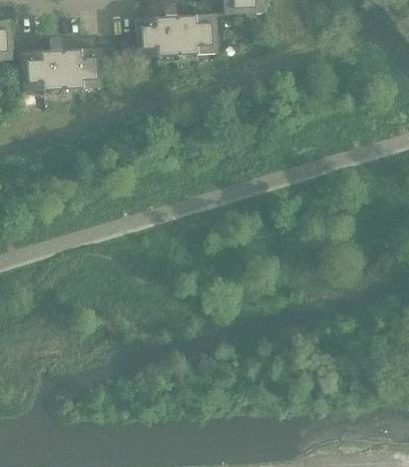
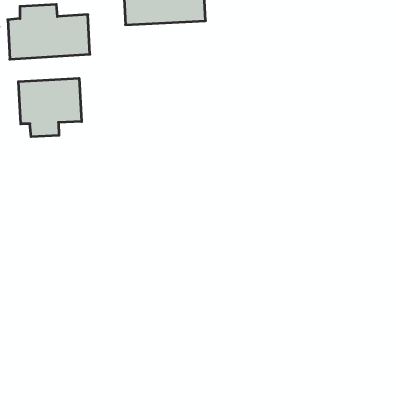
building: none -> [18,78,82,137]

